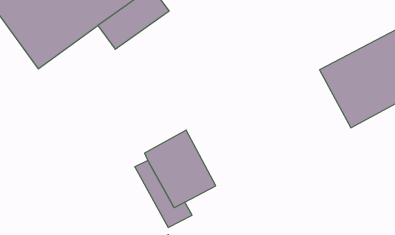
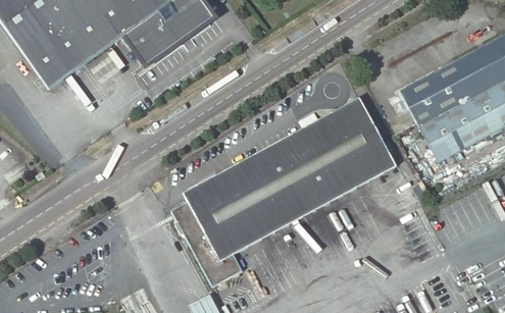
building: none -> [234,98,395,234]

